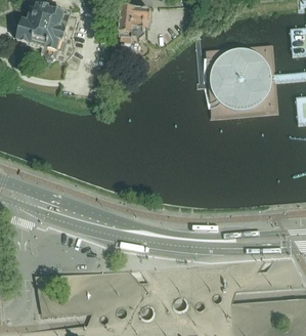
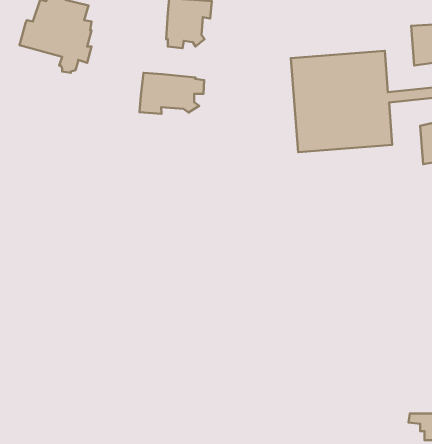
building: none -> [139,73,204,114]

